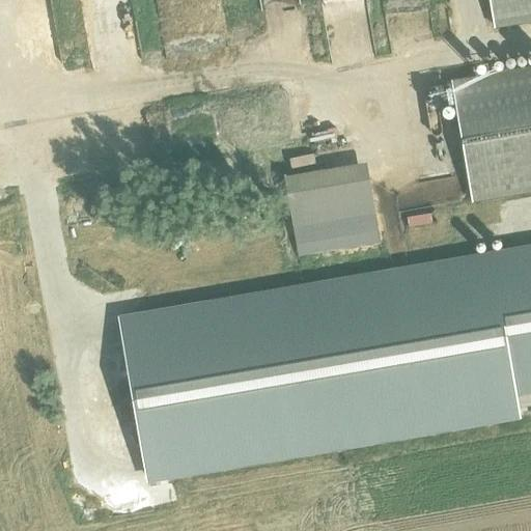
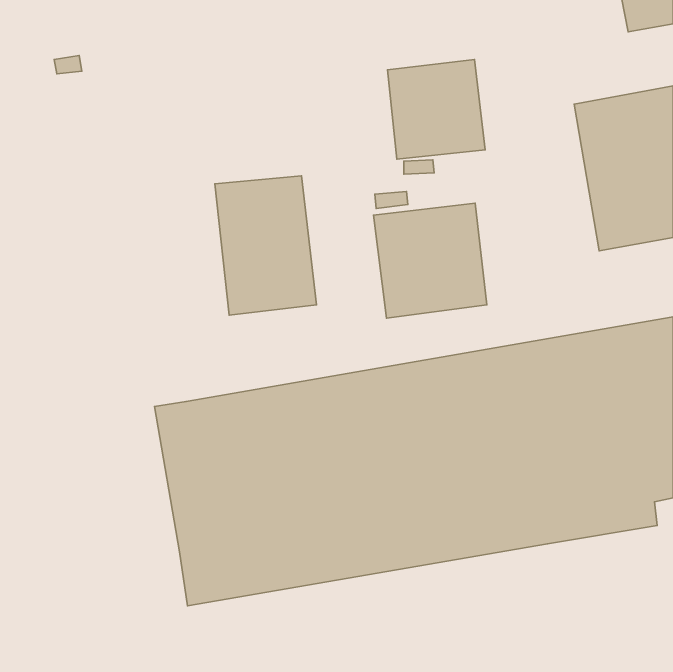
building: none -> [388,60,485,159]
building: none -> [215,176,317,315]

